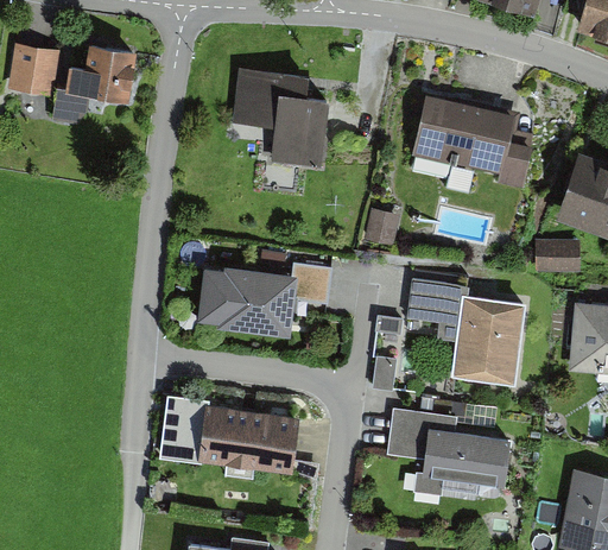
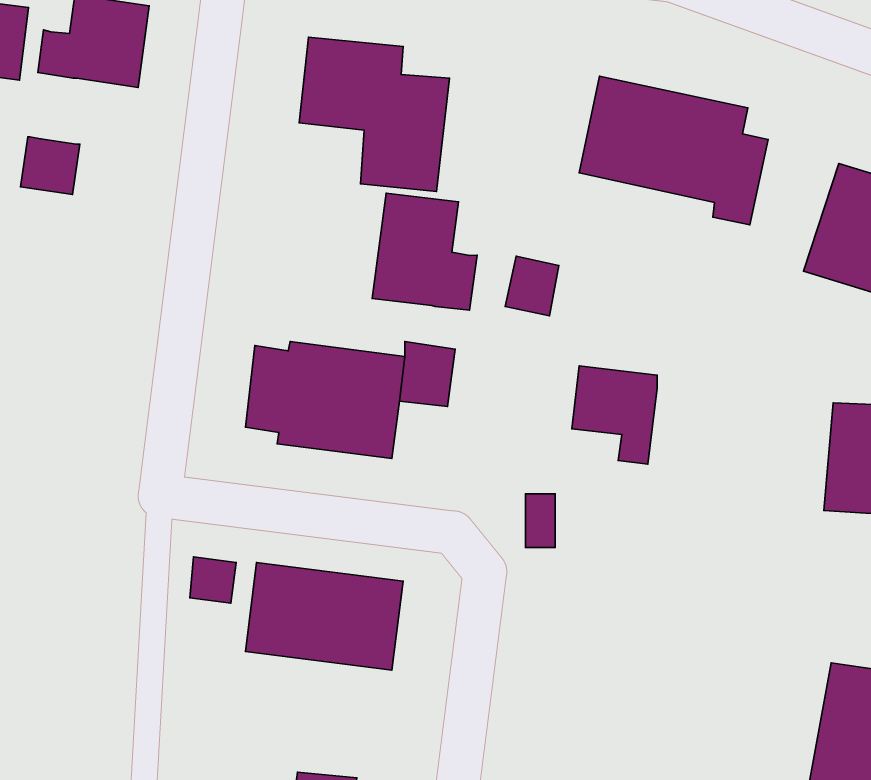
building: [52,90,90,127] -> [20,137,80,194]
building: none -> [372,193,477,310]
building: [536,240,581,271] -> none
building: [451,293,526,385] -> none
building: [387,413,505,498] -> none

